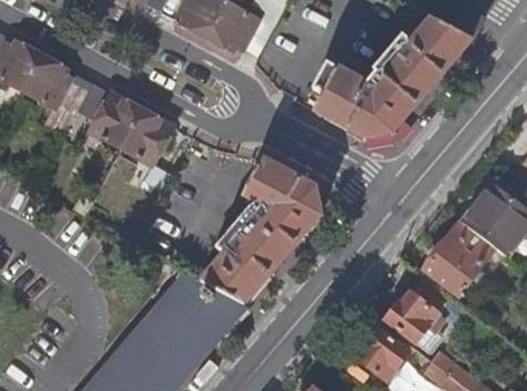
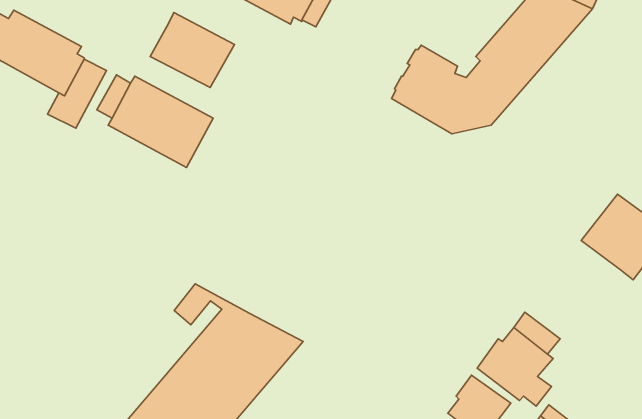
building: none -> [150,12,235,88]
building: [202,158,323,302] -> none
building: [424,219,496,295] -> none

